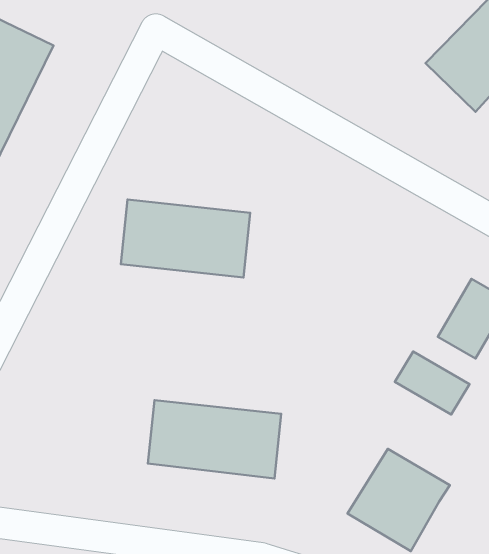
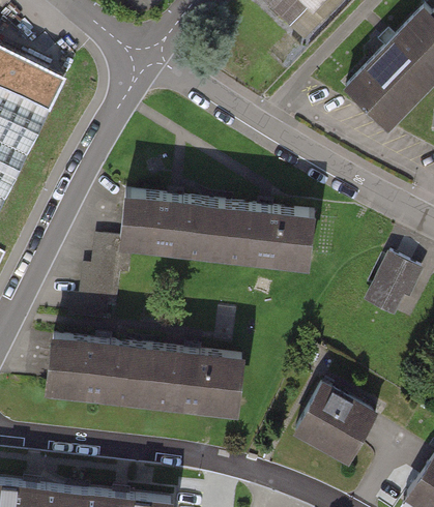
building: none -> [213,203,314,263]
building: [395,351,469,415] -> none
building: none -> [44,335,145,395]

